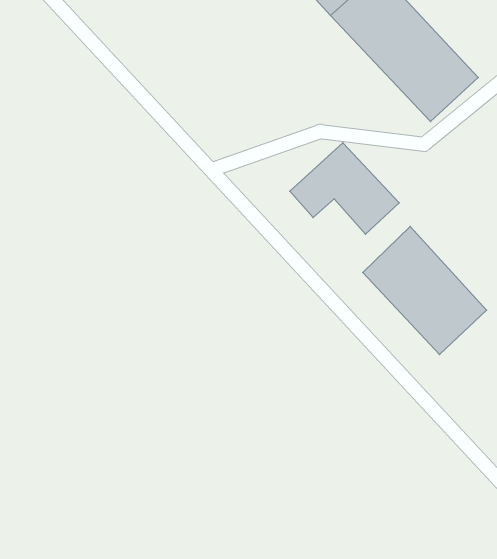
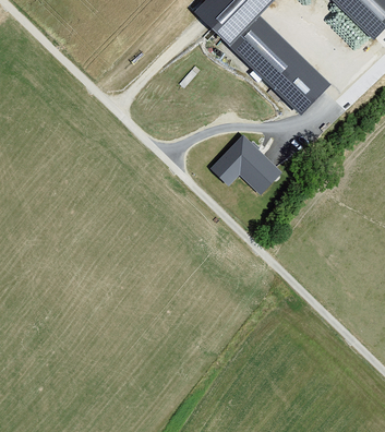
building: [363,227,487,355] -> none

